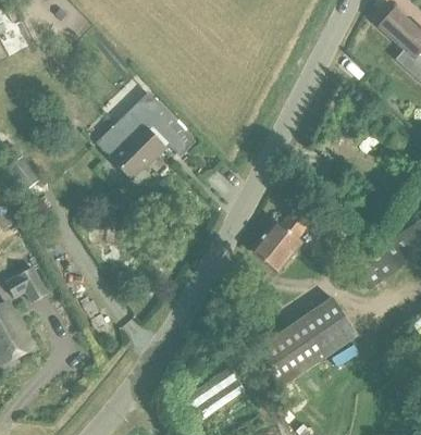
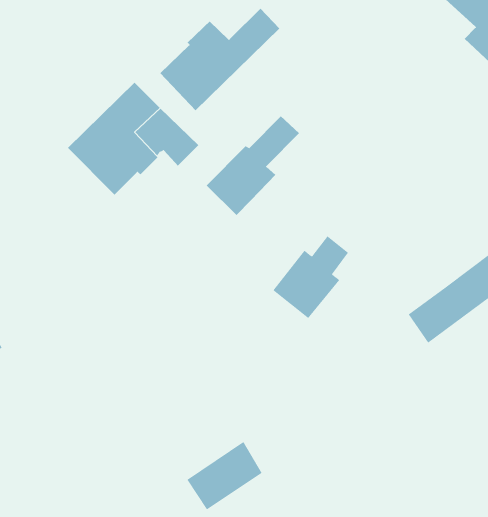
building: none -> [160,8,280,111]
building: none -> [206,115,300,216]
building: [253,297,357,387] -> none

